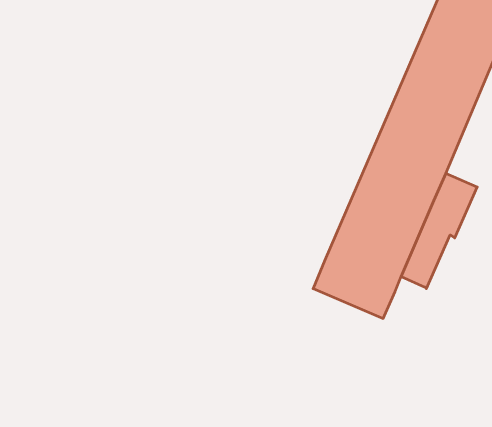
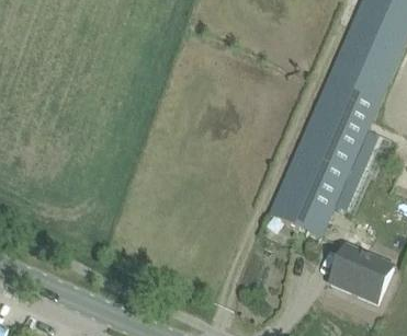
building: none -> [329,233,394,303]

